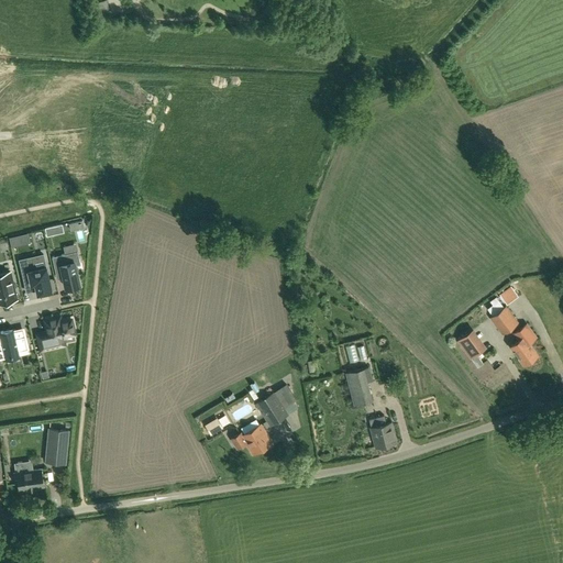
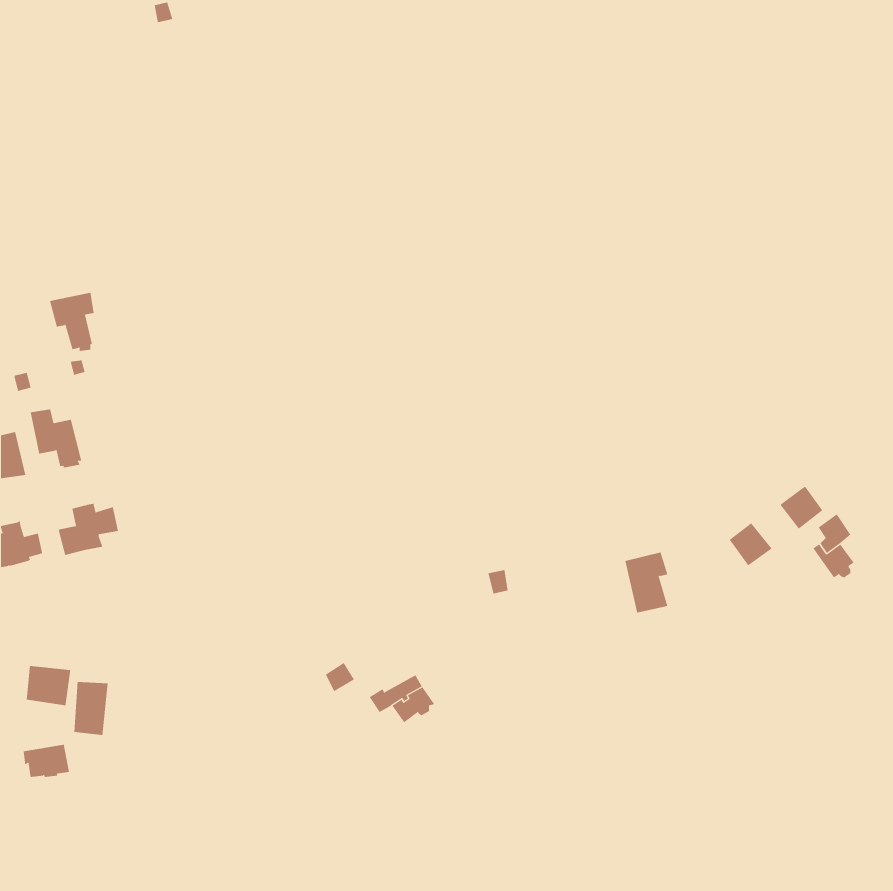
building: [52,252,80,289] -> [49,292,95,352]
building: [345,367,373,406] -> [624,552,668,613]
building: [257,386,297,427] -> none
building: [369,416,397,449] -> none
building: none -> [26,665,71,706]

